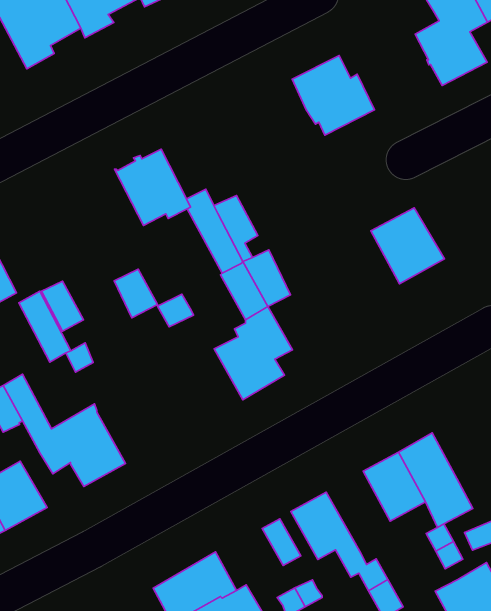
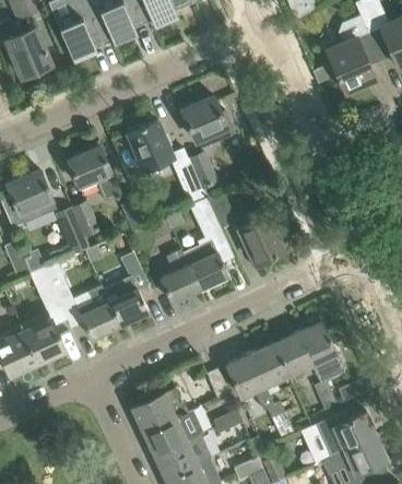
building: [292,56,375,135] -> [181,97,234,149]
building: none -> [67,145,119,200]
building: [371,208,445,284] -> [237,215,284,264]
building: none -> [159,249,199,303]
building: none -> [103,251,149,326]
building: none -> [249,342,289,396]

